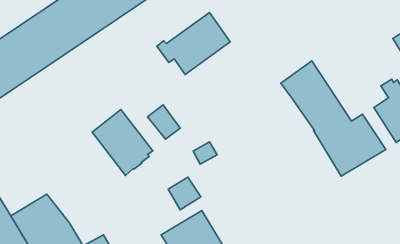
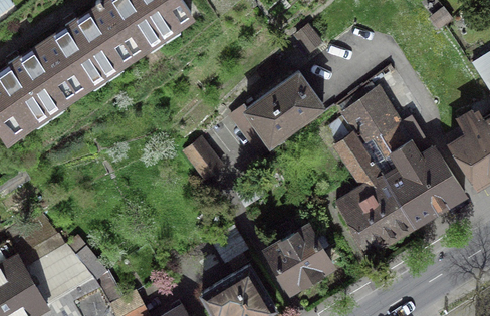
building: [157,13,230,74] -> [237,71,322,143]
building: none -> [335,132,412,253]
building: [92,109,153,175] -> none
building: none -> [267,226,330,289]

